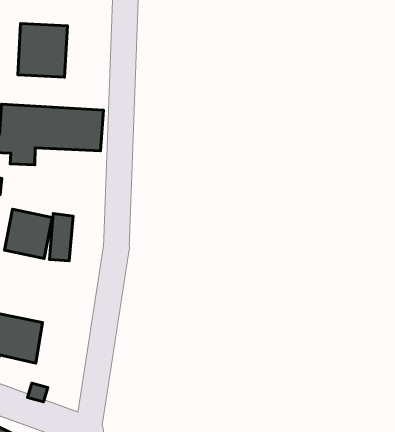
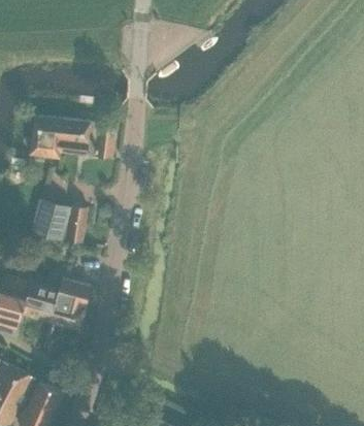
building: [18,24,67,77] -> none
building: none -> [51,281,91,331]

